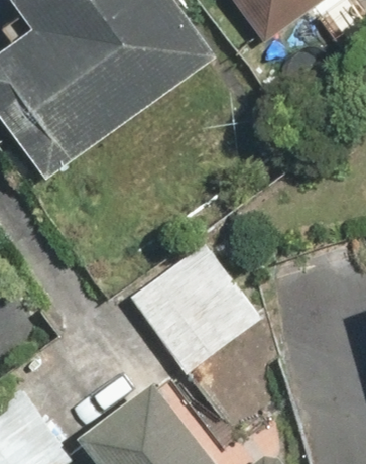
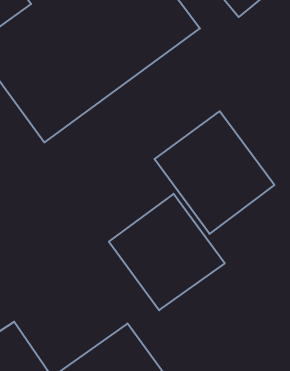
building: none -> [154,111,274,234]

